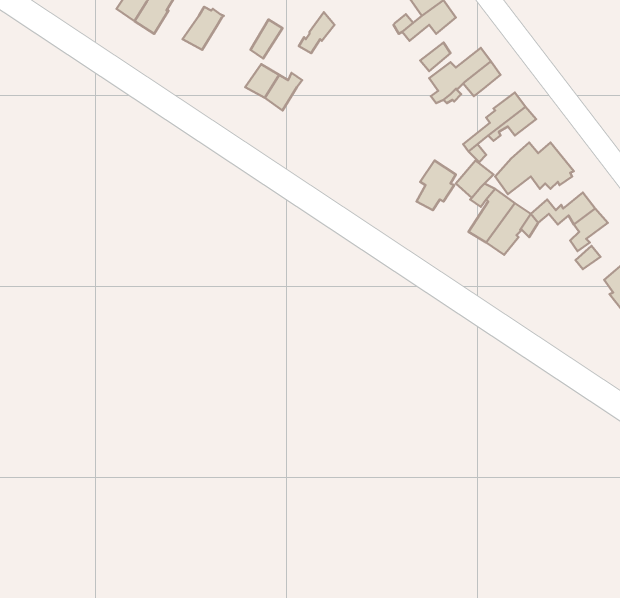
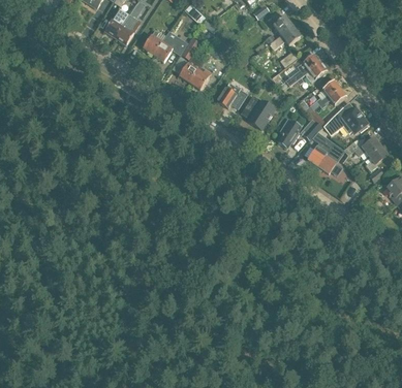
building: none -> [154,33,184,61]
building: none -> [217,85,248,108]
building: none -> [246,96,275,129]

